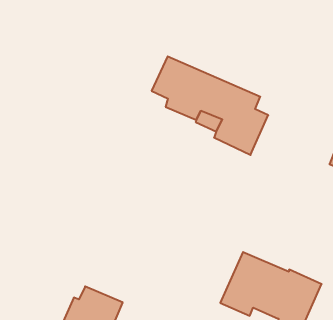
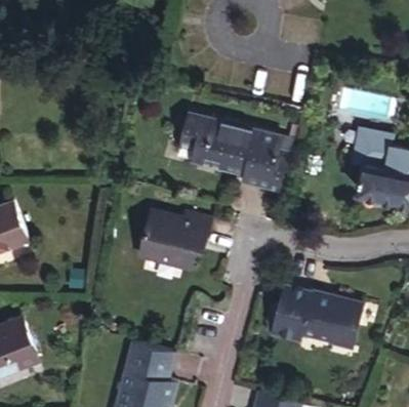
building: none -> [139,212,212,273]

